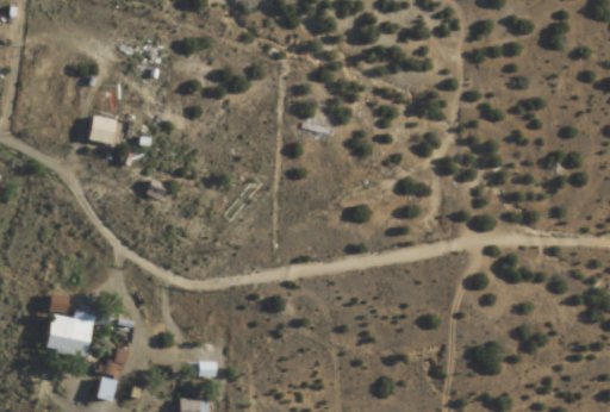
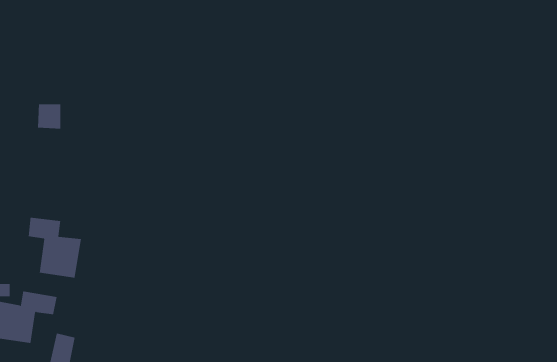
building: none -> [28,217,81,278]

